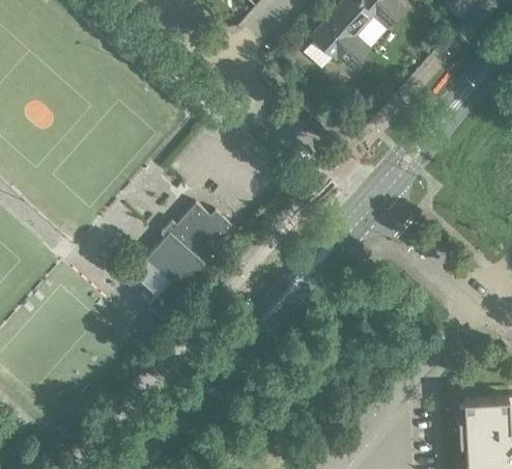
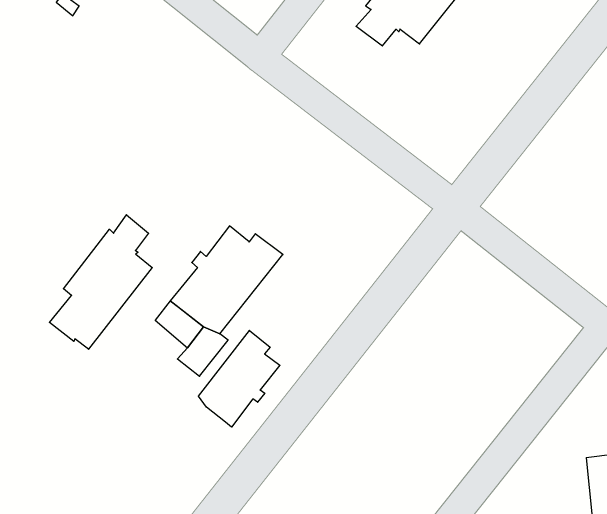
building: none -> [49,215,152,349]
building: none -> [198,330,280,427]

